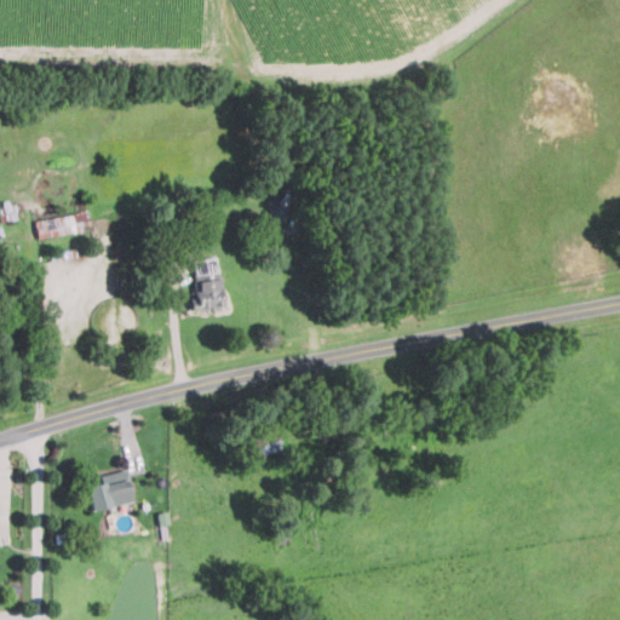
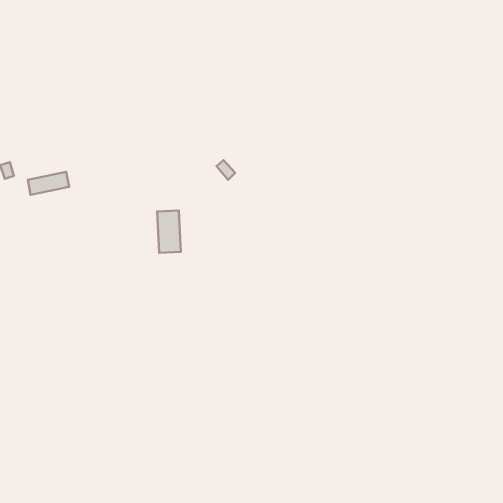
building: [88,472,137,512] -> none

